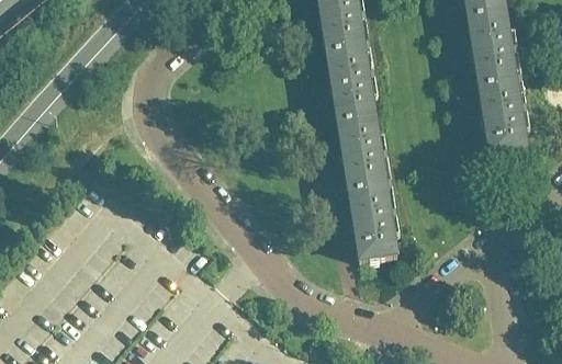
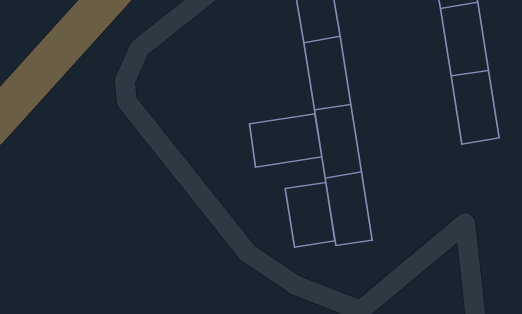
building: none -> [250,114,322,167]
building: none -> [285,183,335,247]

